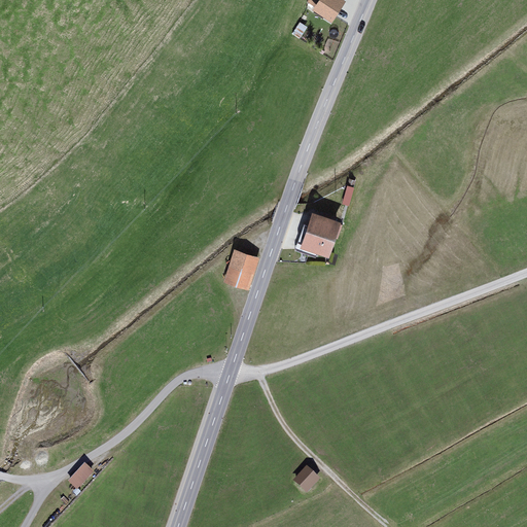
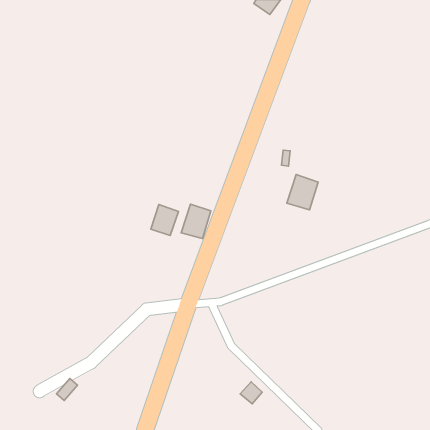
building: [297,213,336,256] -> [287,174,318,210]
building: none -> [151,204,178,235]

